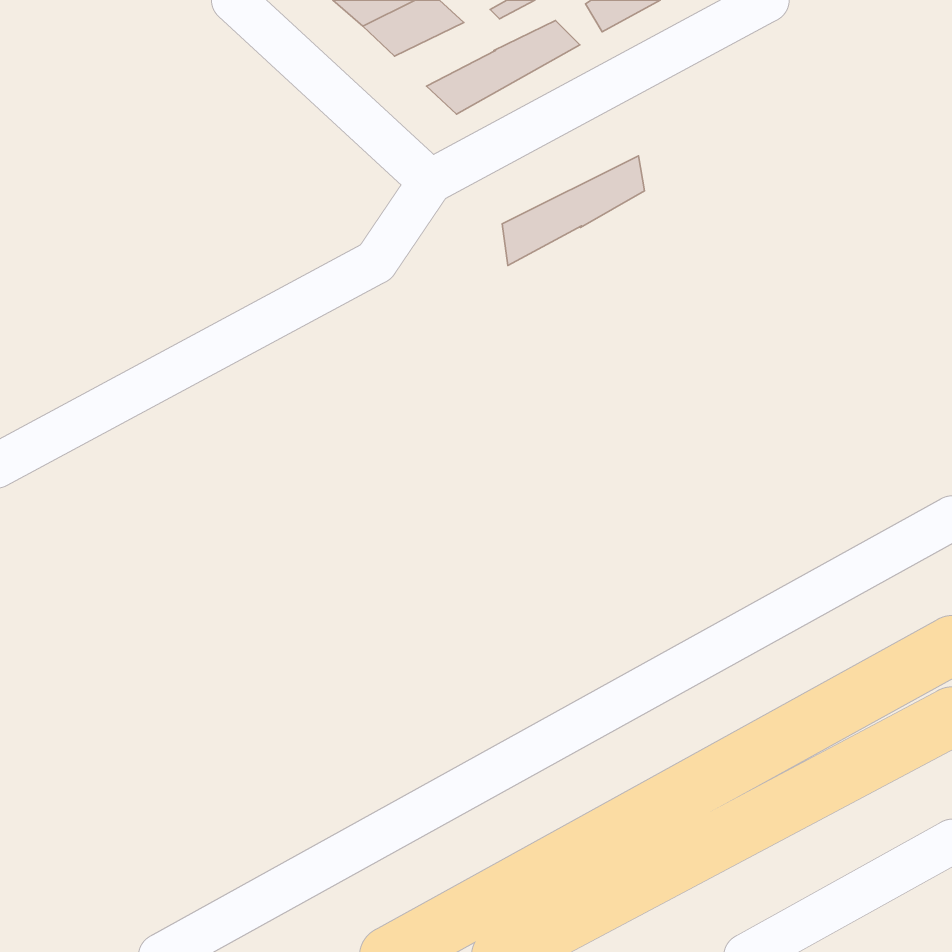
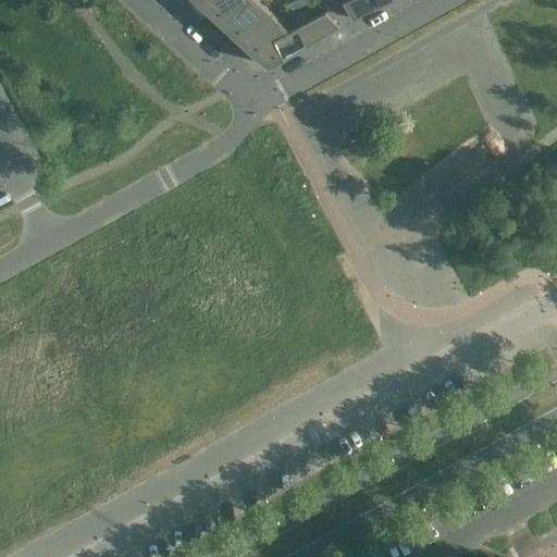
building: none -> [230,15,288,52]
building: [502,156,644,266] -> none

